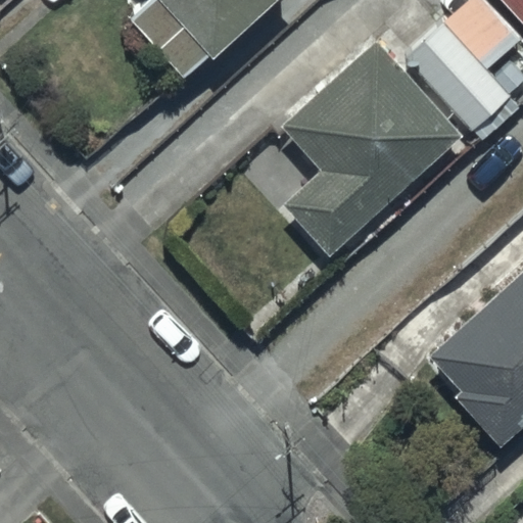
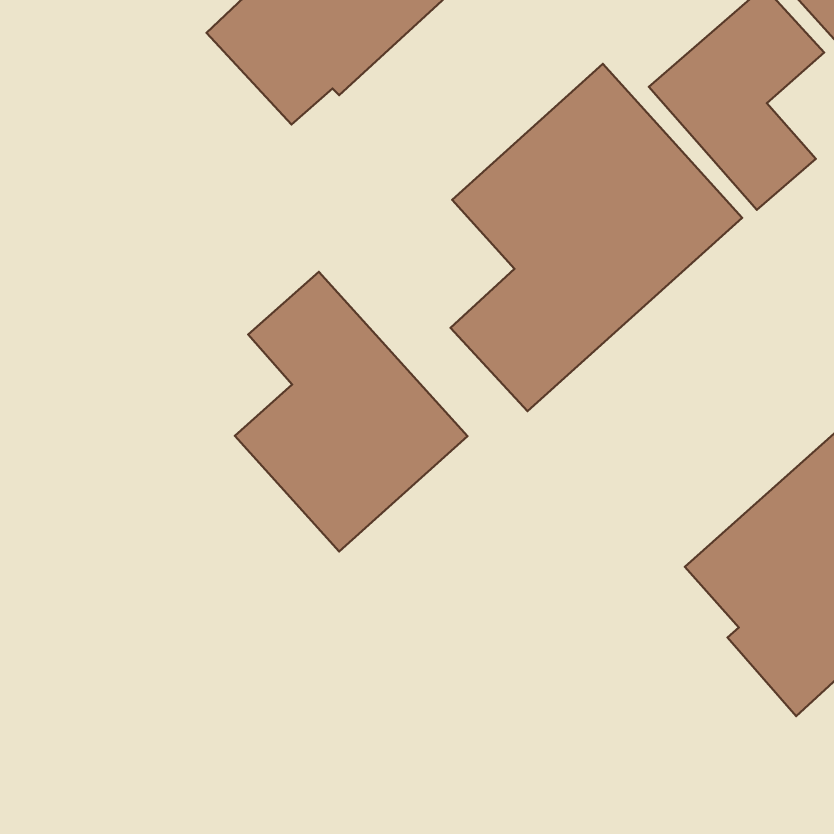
building: none -> [235,272,467,551]

